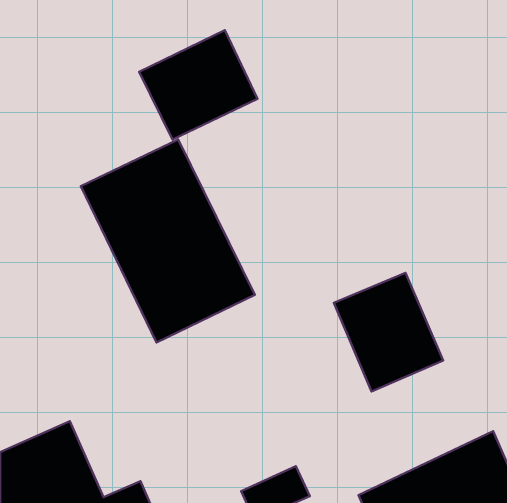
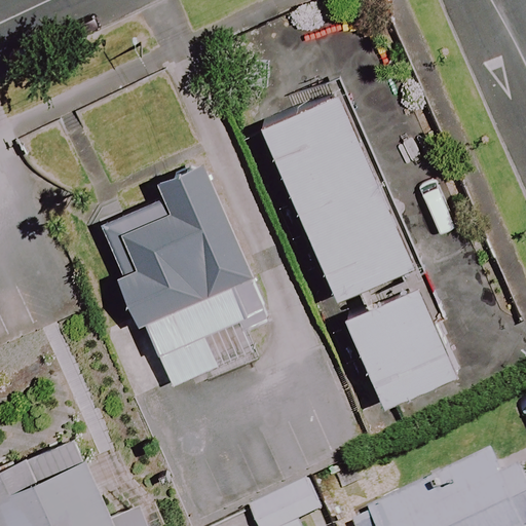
building: [139,30,258,139] -> none
building: none -> [259,90,416,300]

